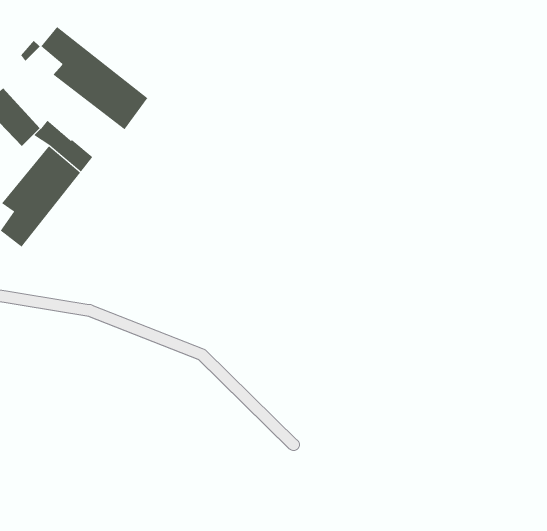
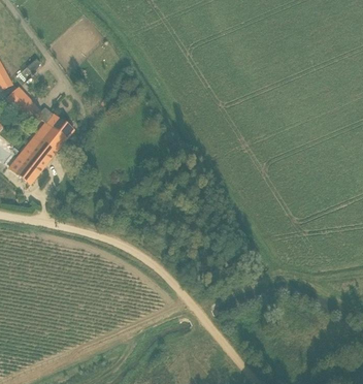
building: [40,26,148,130] -> none

